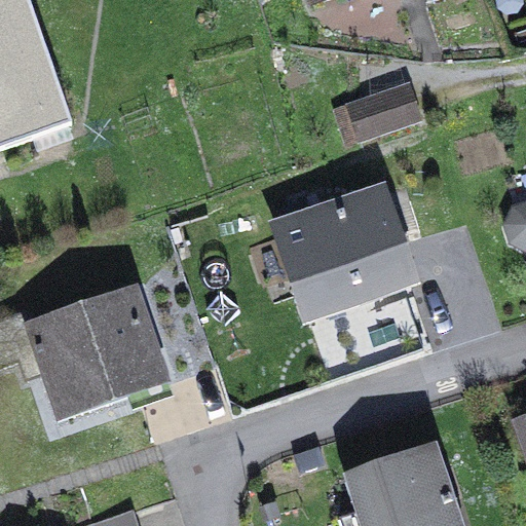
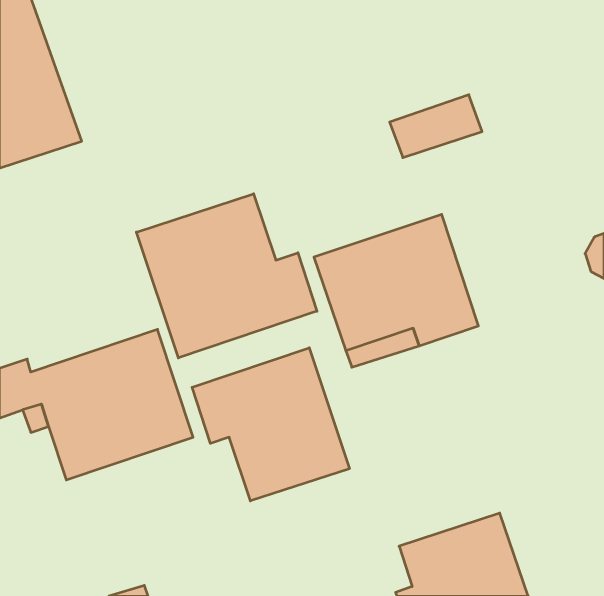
building: none -> [136,194,317,358]
building: none -> [192,348,349,501]

